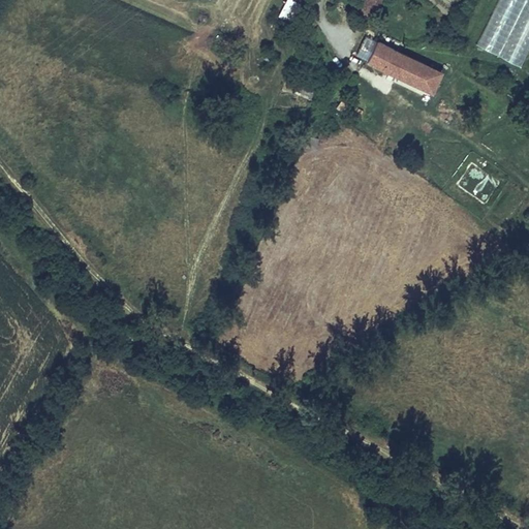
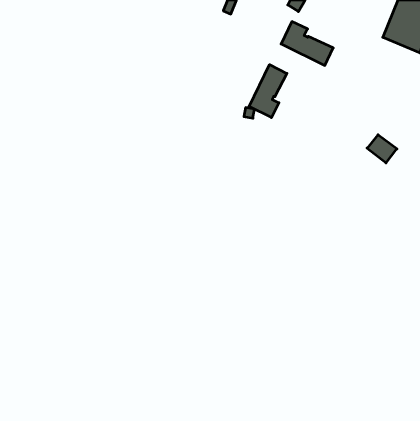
building: [409,62,444,95] -> none
building: none -> [249,65,287,118]

